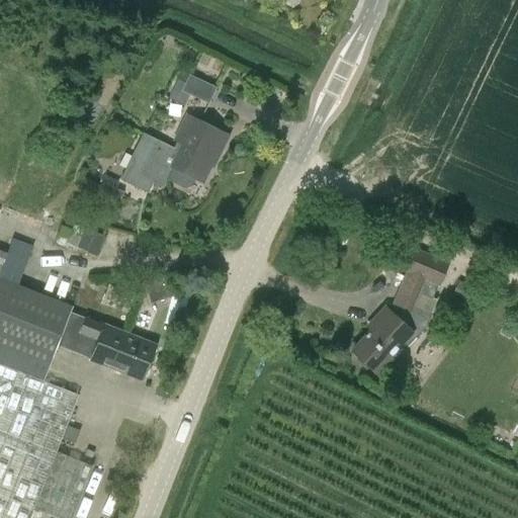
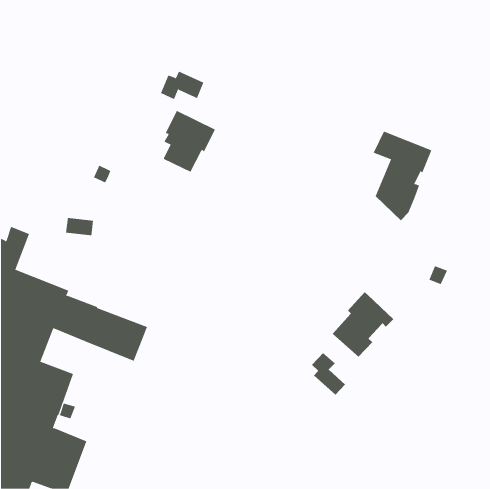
building: [120,135,179,191] -> none
building: [386,242,449,337] -> [373,131,432,221]
building: none -> [311,352,346,395]

